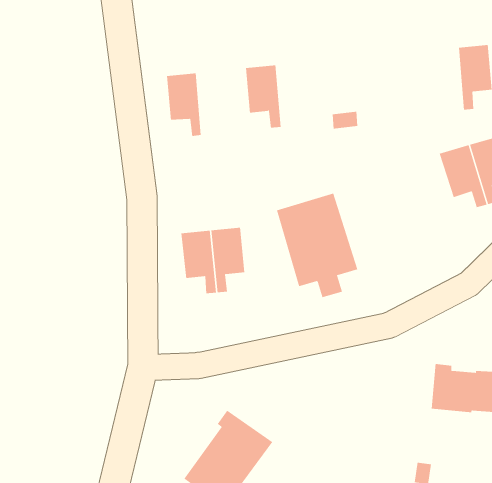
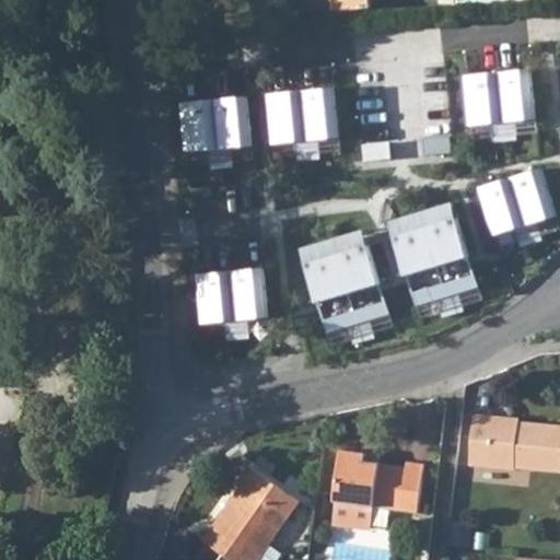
building: none -> [463,72,502,141]
building: none -> [300,88,337,159]
building: none -> [213,96,249,167]
building: none -> [388,203,476,316]
building: none -> [328,450,422,524]

